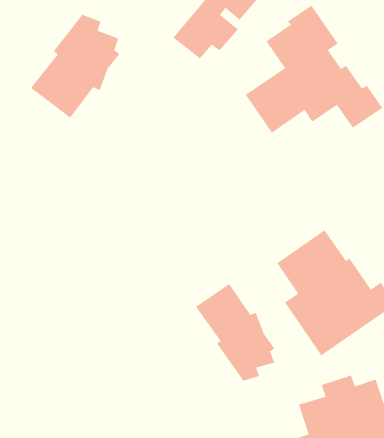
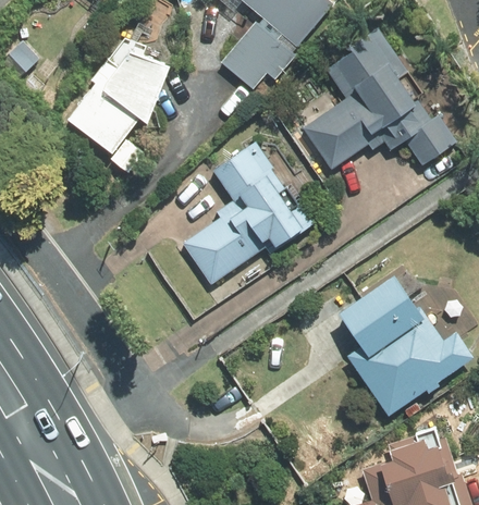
building: none -> [182,140,318,284]
building: [195,283,275,382] -> none

